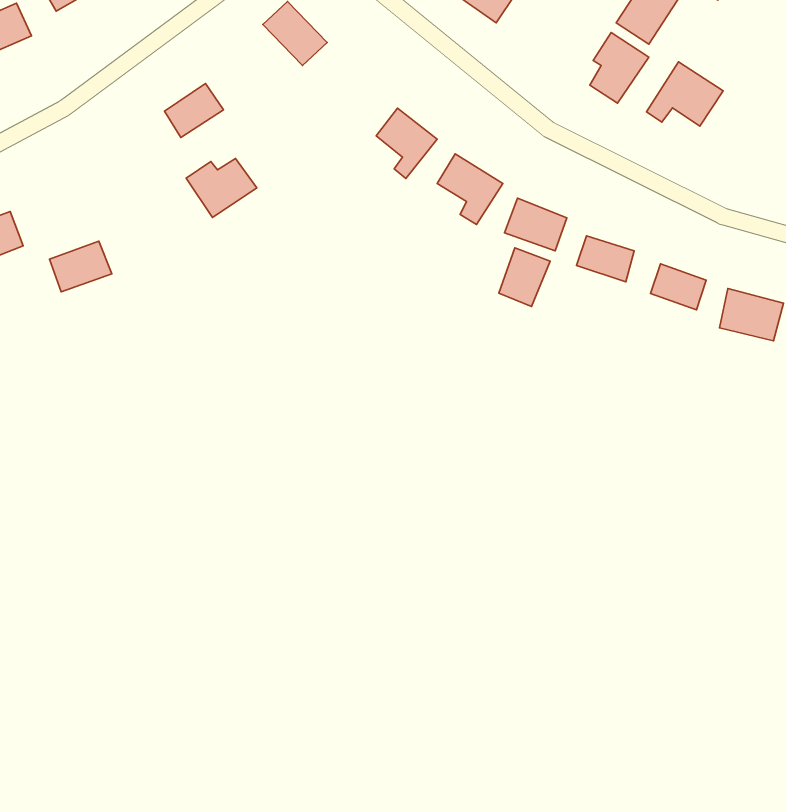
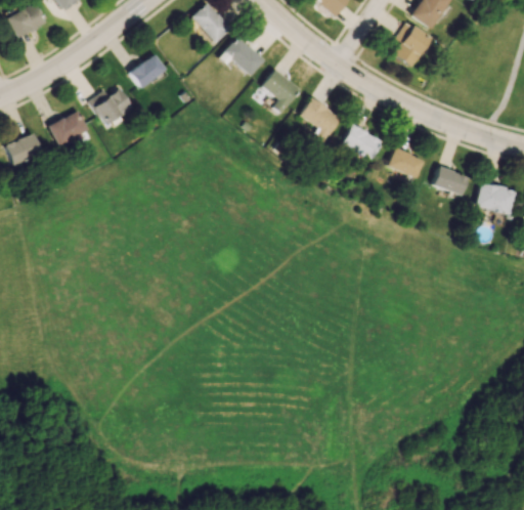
building: none -> [219,36,264,75]
building: [647,62,723,126] -> none
building: [186,158,257,217] -> [90,88,134,125]
building: [50,241,112,292] -> [49,112,88,143]
building: [499,248,550,307] -> none

